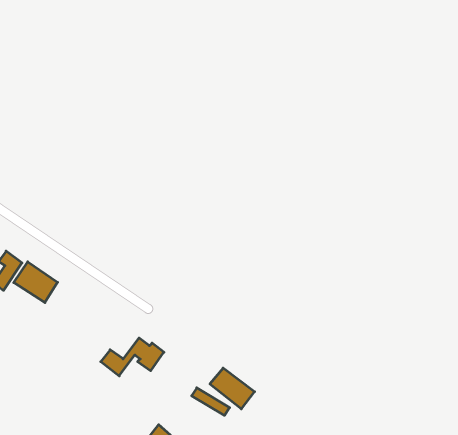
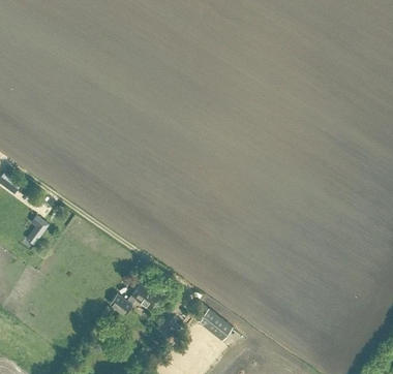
building: [14,262,58,303] -> none

